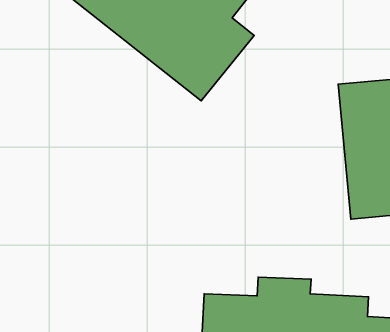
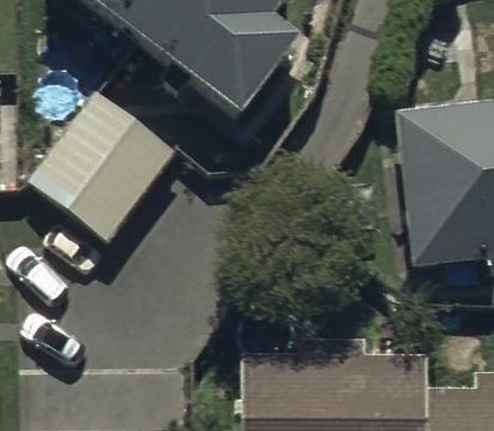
building: none -> [26,90,177,241]

